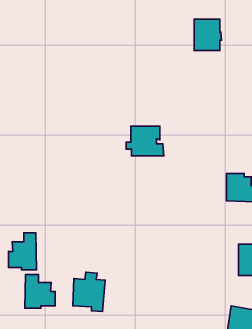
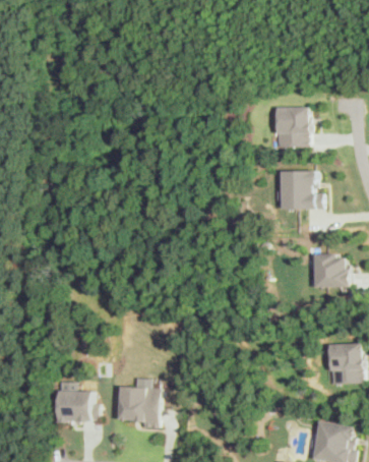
building: [194,19,222,51] -> [276,107,311,147]
building: [126,126,164,156] -> [274,171,322,209]
building: [8,233,36,270] -> none

